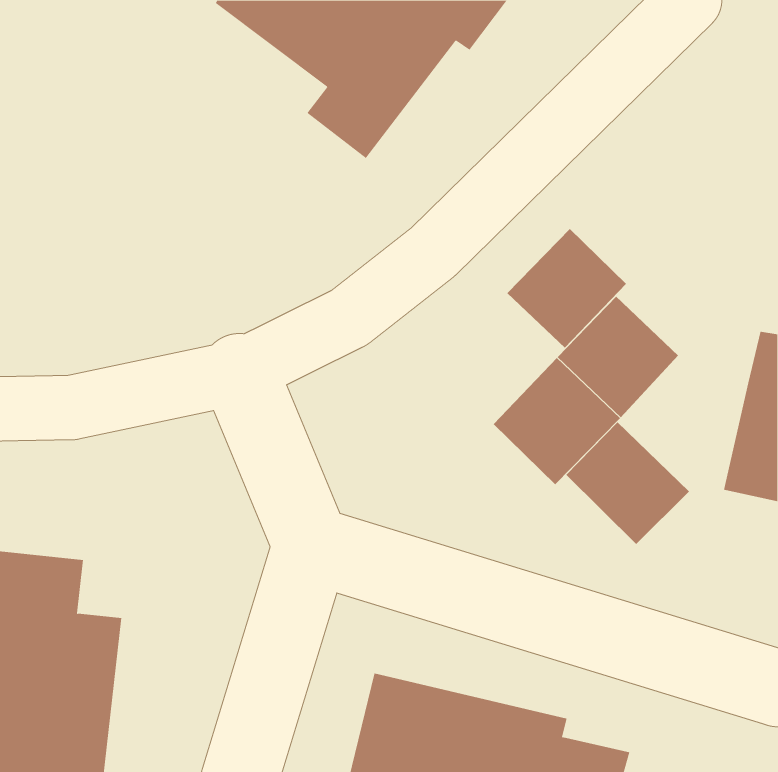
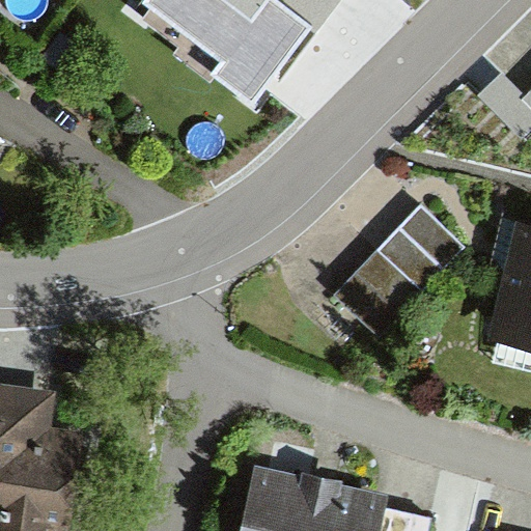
building: [507,228,627,349] -> none
building: [566,421,690,545] -> none

